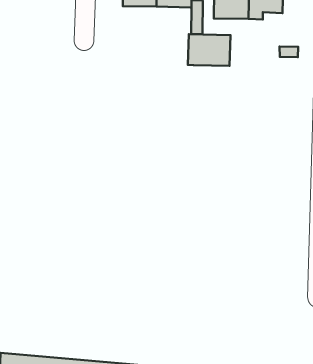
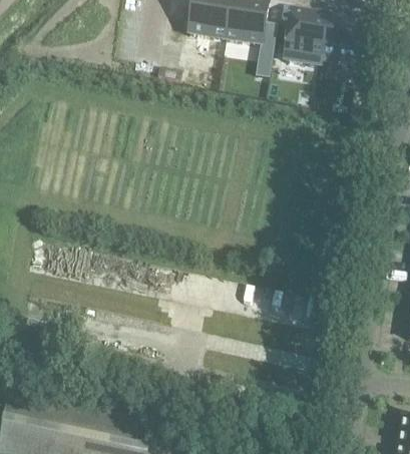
building: [188,34,231,66] -> none

